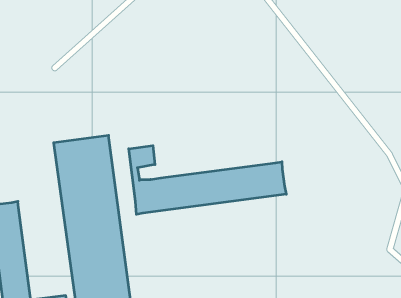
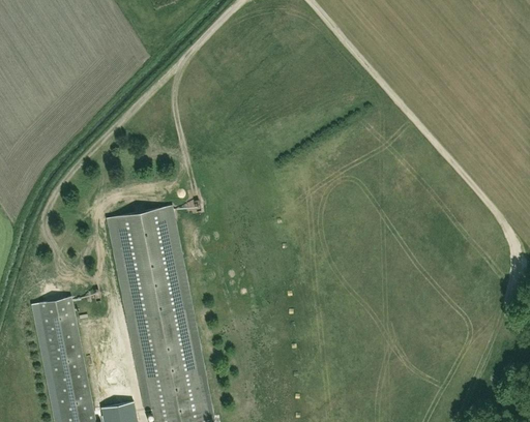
building: [129,146,286,214] -> none

